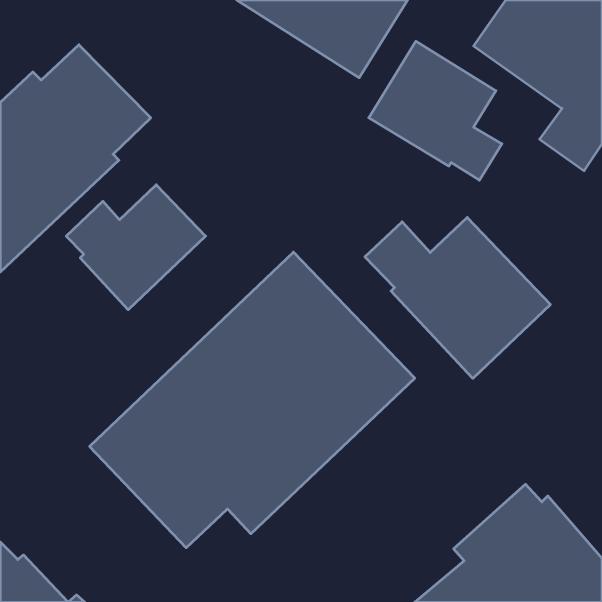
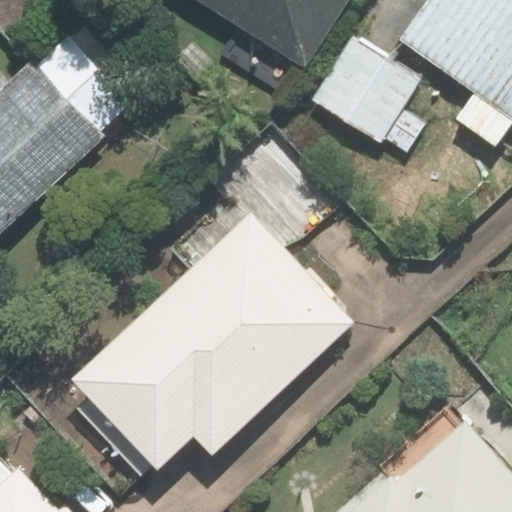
building: [66,185,206,310] -> none
building: [365,217,550,378] -> none

